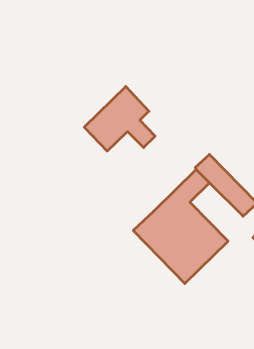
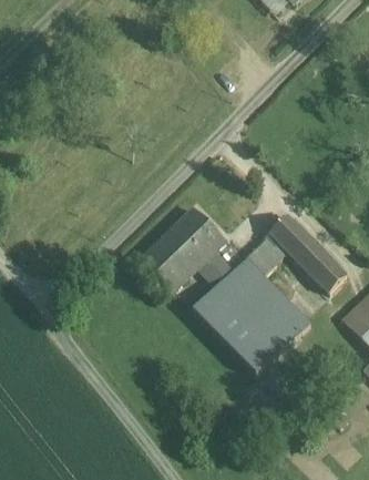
building: [84,86,155,151] -> [143,207,232,288]

